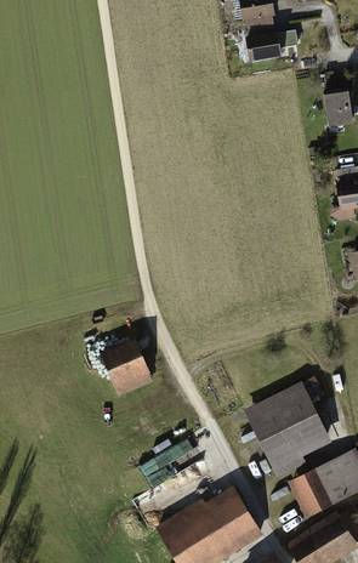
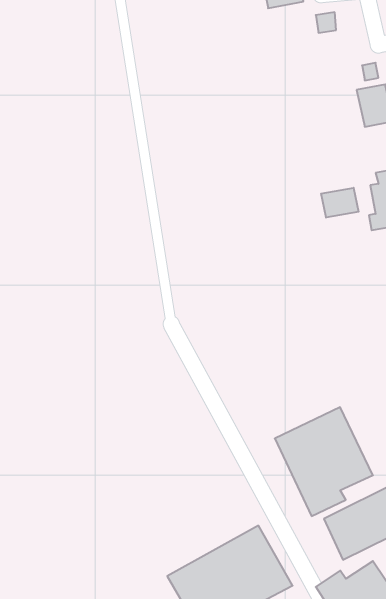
building: [243,30,278,62] -> none
building: none -> [321,188,359,218]
building: [100,339,152,396] -> none

